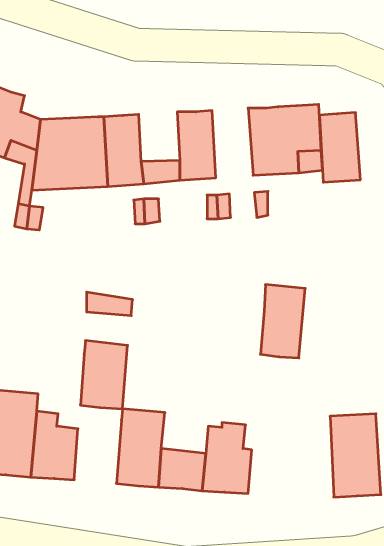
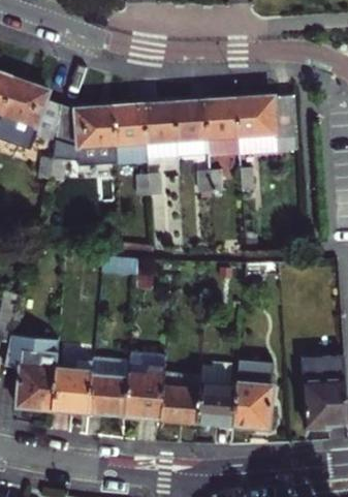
building: none -> [144,104,178,146]
building: [319,113,360,182] -> [204,101,239,159]
building: [260,285,305,358] -> [234,364,272,425]
building: [80,341,128,409] -> [90,356,129,413]

